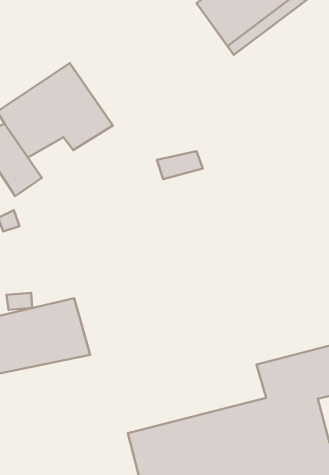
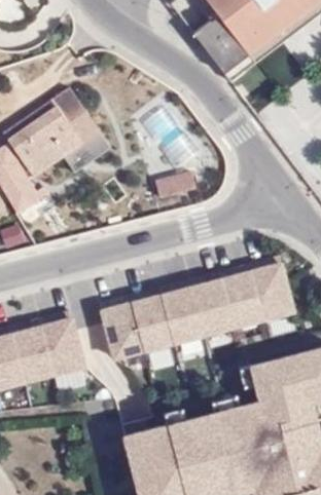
building: none -> [100,253,299,357]

